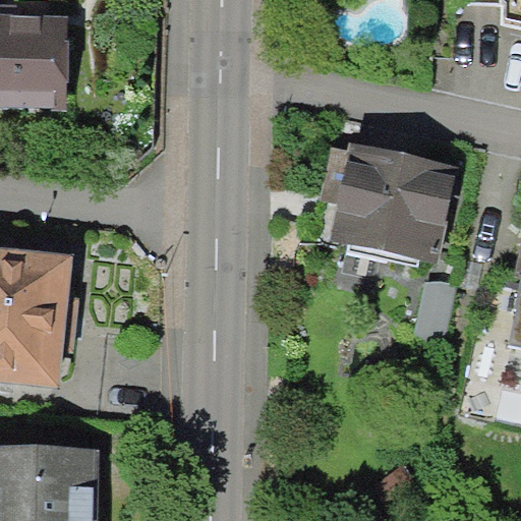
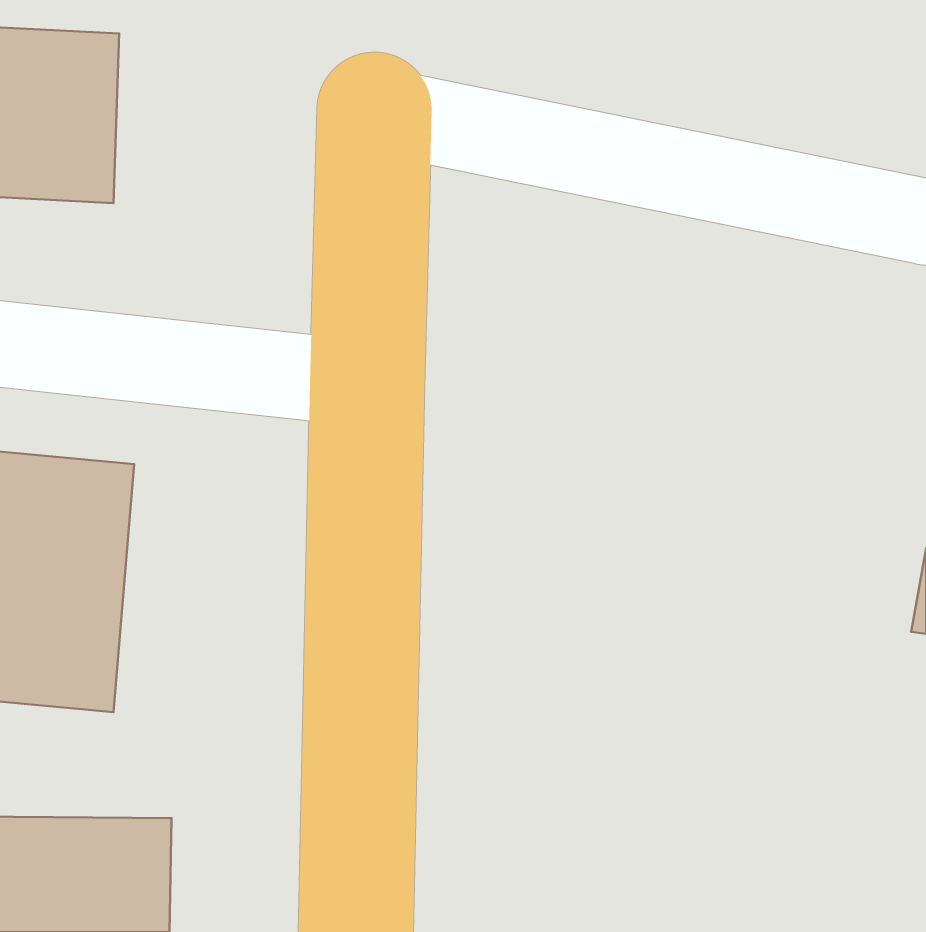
building: [327,142,456,265] -> none

